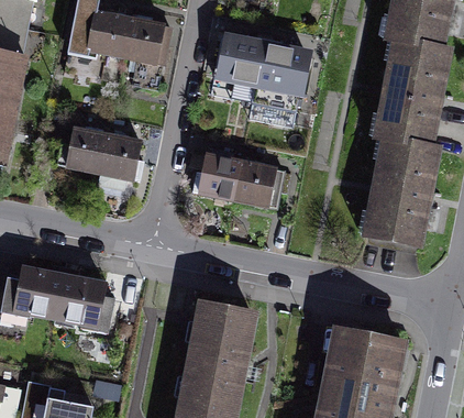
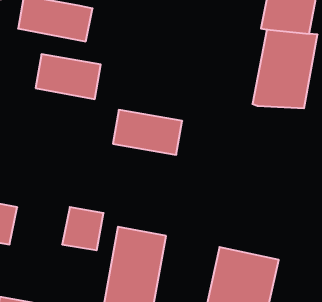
building: [213,23,316,92] -> none
building: [62,127,146,185] -> [36,54,101,99]
building: [357,143,444,251] -> none
building: [55,275,109,331] -> [62,207,104,250]

